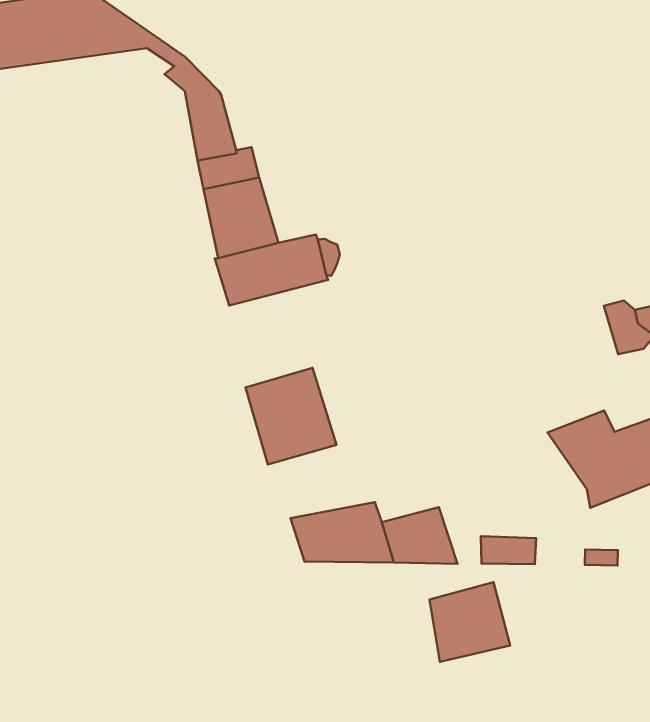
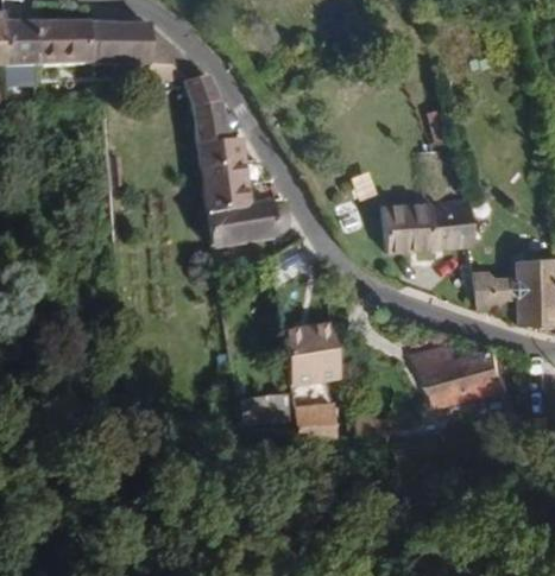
building: none -> [379,194,474,255]
building: [246,368,336,465] -> [289,328,348,392]
building: [430,582,510,662] -> none

